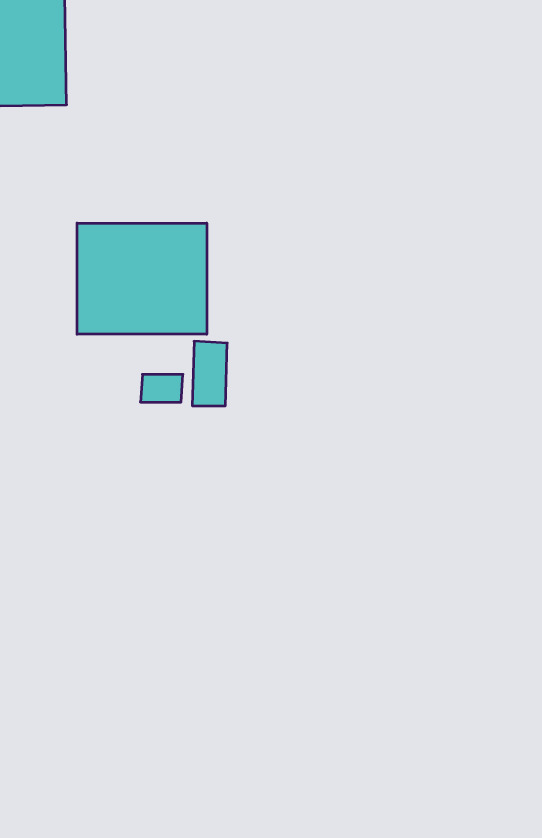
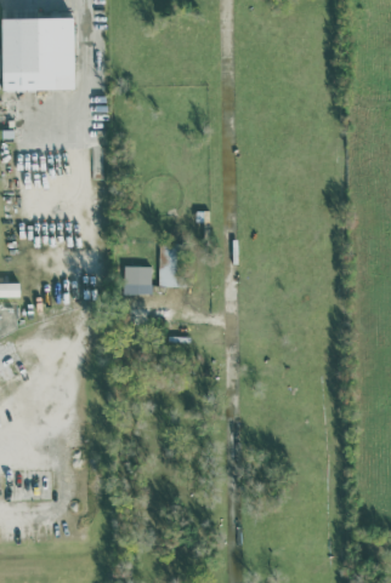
building: [77,223,207,334] -> none

